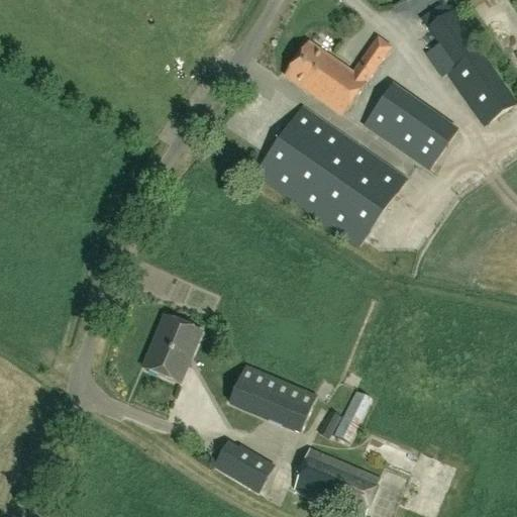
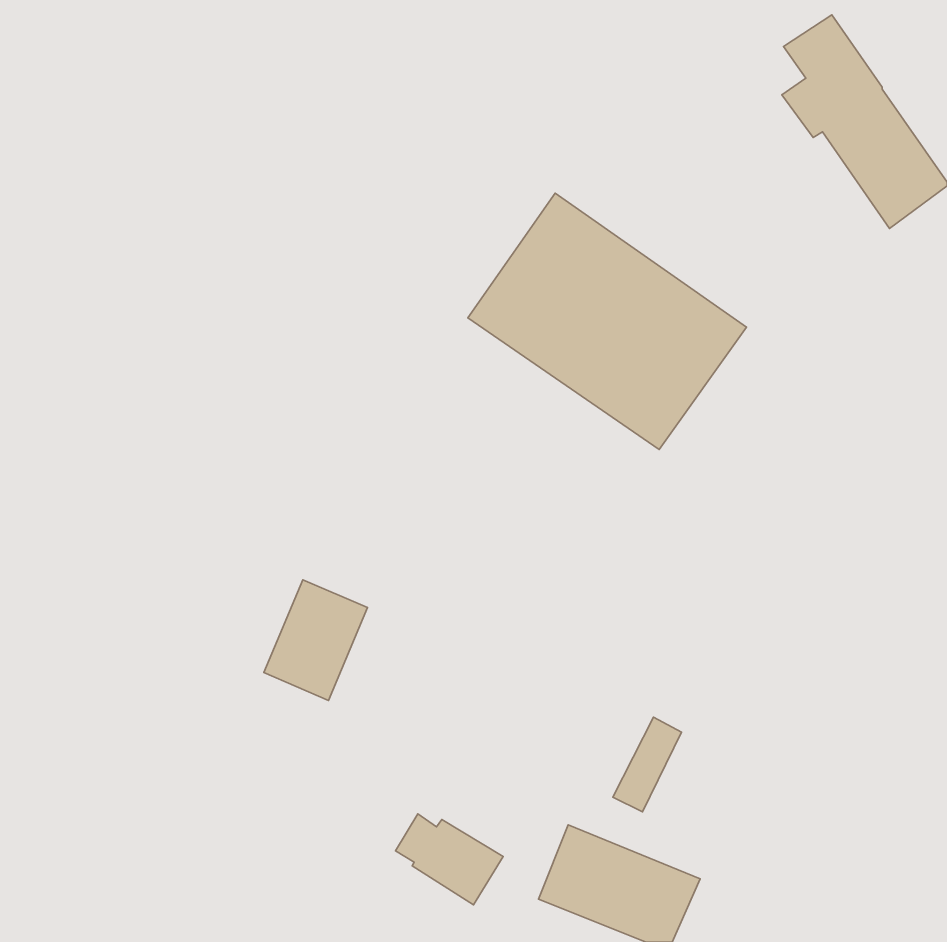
building: [284,35,391,114] -> none
building: [363,82,458,170] -> none
building: [228,364,317,433] -> none

